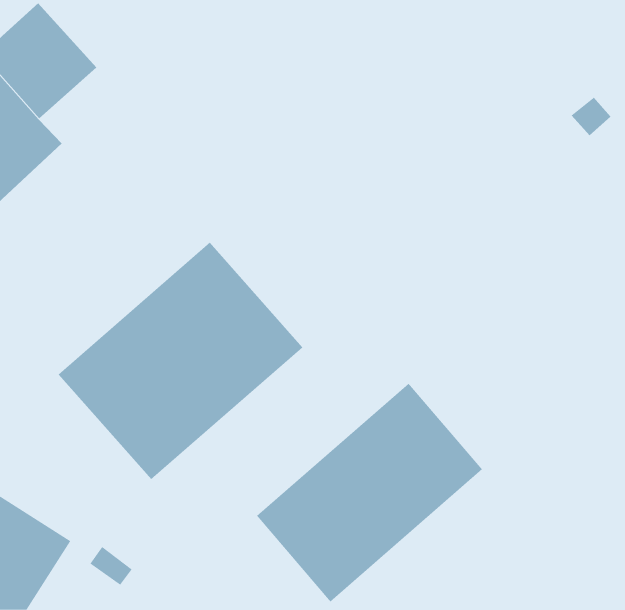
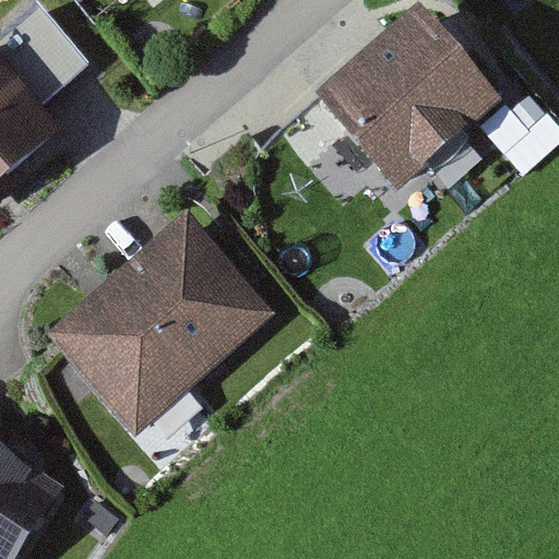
building: none -> [317,9,500,190]
building: [256,383,483,602] -> none

